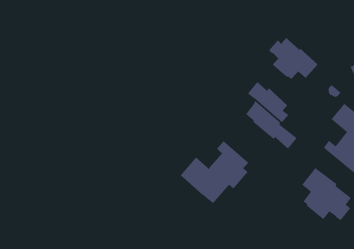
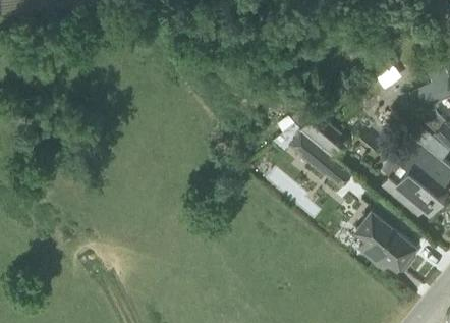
building: [268,37,319,80] -> none
building: [180,140,249,204] -> none

